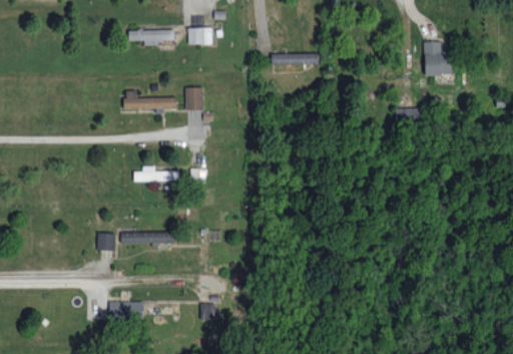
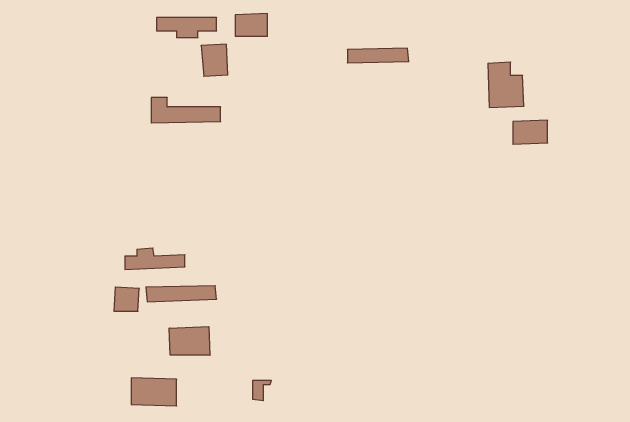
building: [424,41,451,75] -> [488,62,524,107]
building: [184,86,204,110] -> [201,44,228,76]
building: [133,165,178,182] -> [125,248,185,269]
building: none -> [169,327,210,355]

